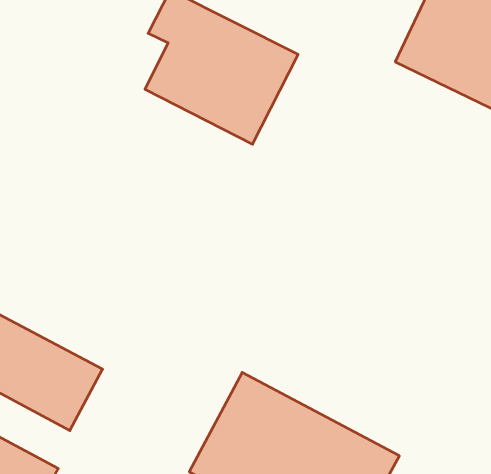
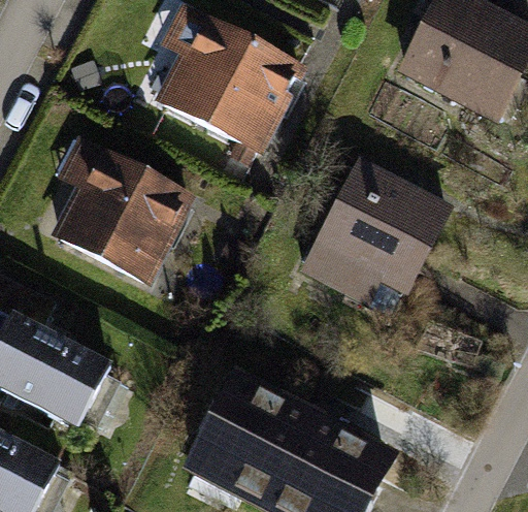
building: none -> [52,134,193,285]
building: none -> [311,161,446,301]

